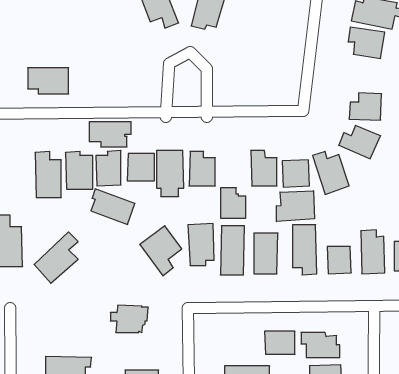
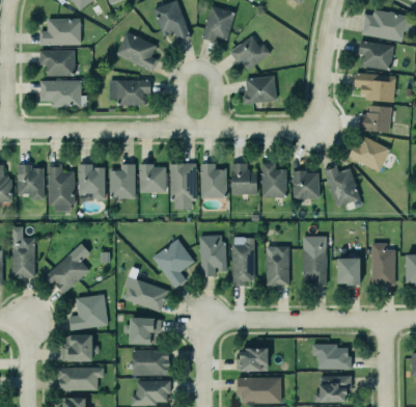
building: none -> [38,19,79,45]
building: none -> [114,31,157,72]
building: none -> [229,35,271,72]
building: none -> [38,50,73,75]
building: none -> [355,74,395,101]
building: none -> [244,76,276,104]
building: [89,122,131,147] -> [107,80,148,105]
building: none -> [18,165,44,200]
building: [221,188,246,218] -> [230,163,255,193]
building: [91,189,135,224] -> [122,276,166,311]
building: [277,191,314,222] -> none
building: none -> [67,293,107,330]
building: none -> [61,334,90,360]
building: [265,331,295,354] -> [239,349,269,372]
building: none -> [132,350,169,376]

